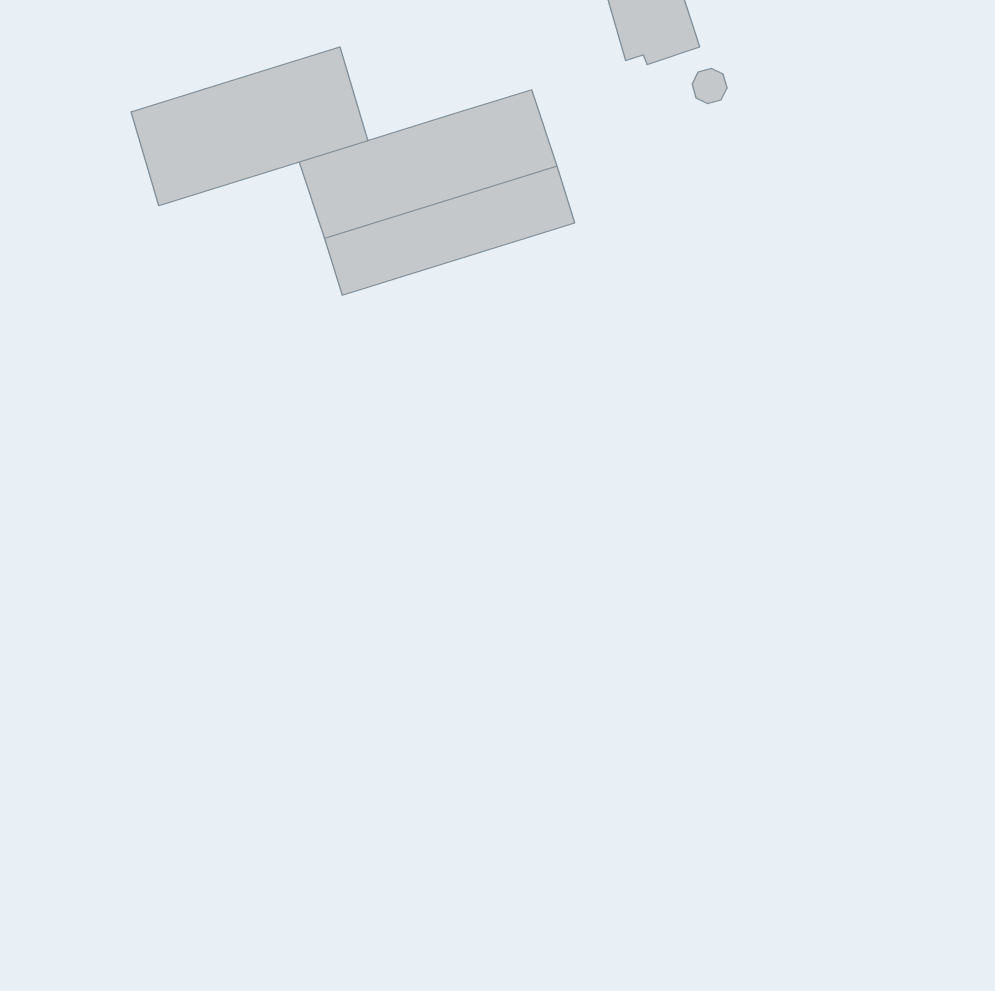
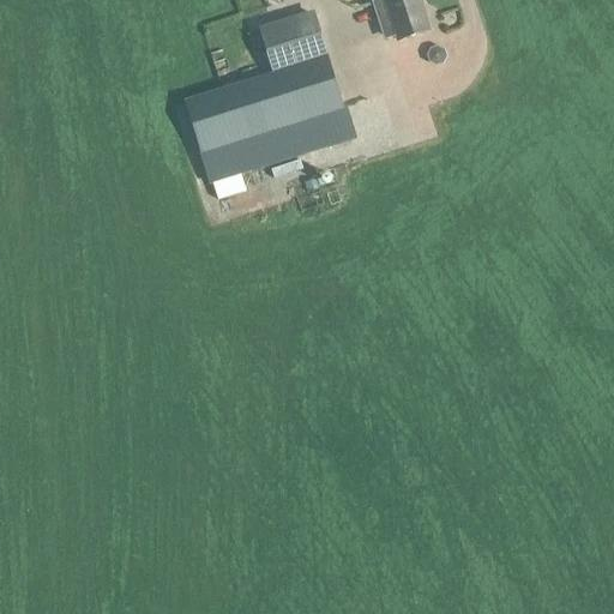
building: none -> [261,8,326,71]
building: [131,47,368,206] -> none

